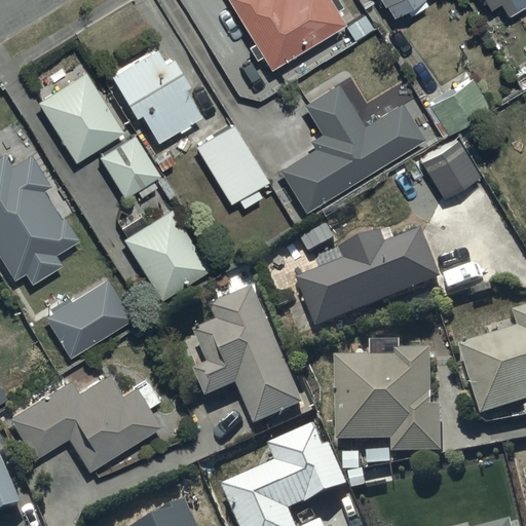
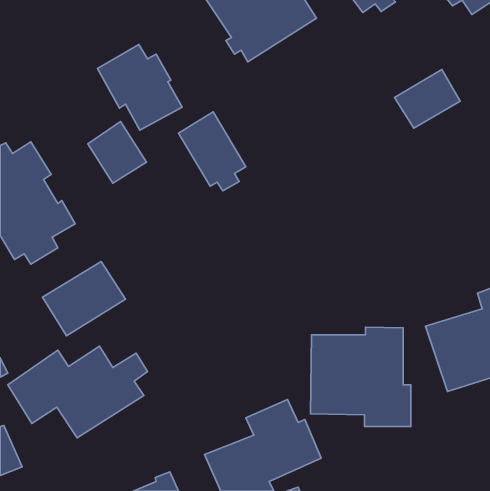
building: [32,65,120,159] -> none
building: [285,83,429,212] -> none
building: [394,136,477,195] -> none
building: [121,205,210,296] -> none
building: [292,231,441,330] -> none
building: [192,288,303,425] -> none

